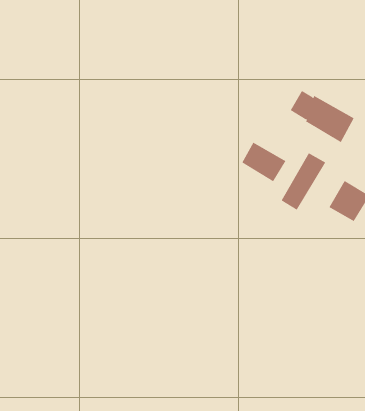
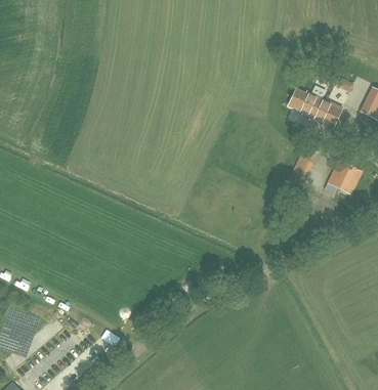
building: [242,142,286,182] -> none

